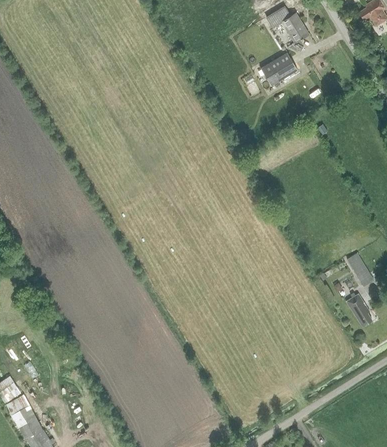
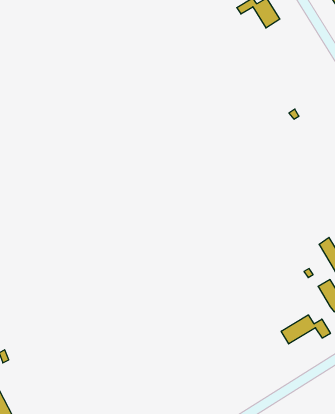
building: [260,52,297,86] -> none
building: none -> [281,315,330,344]

